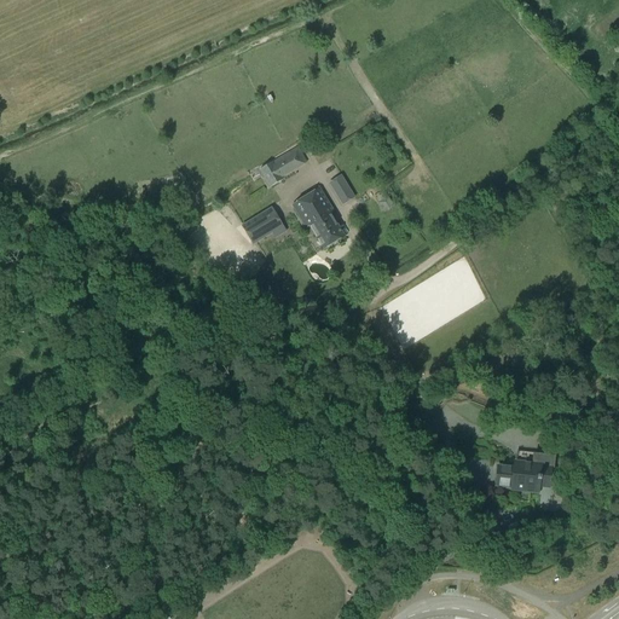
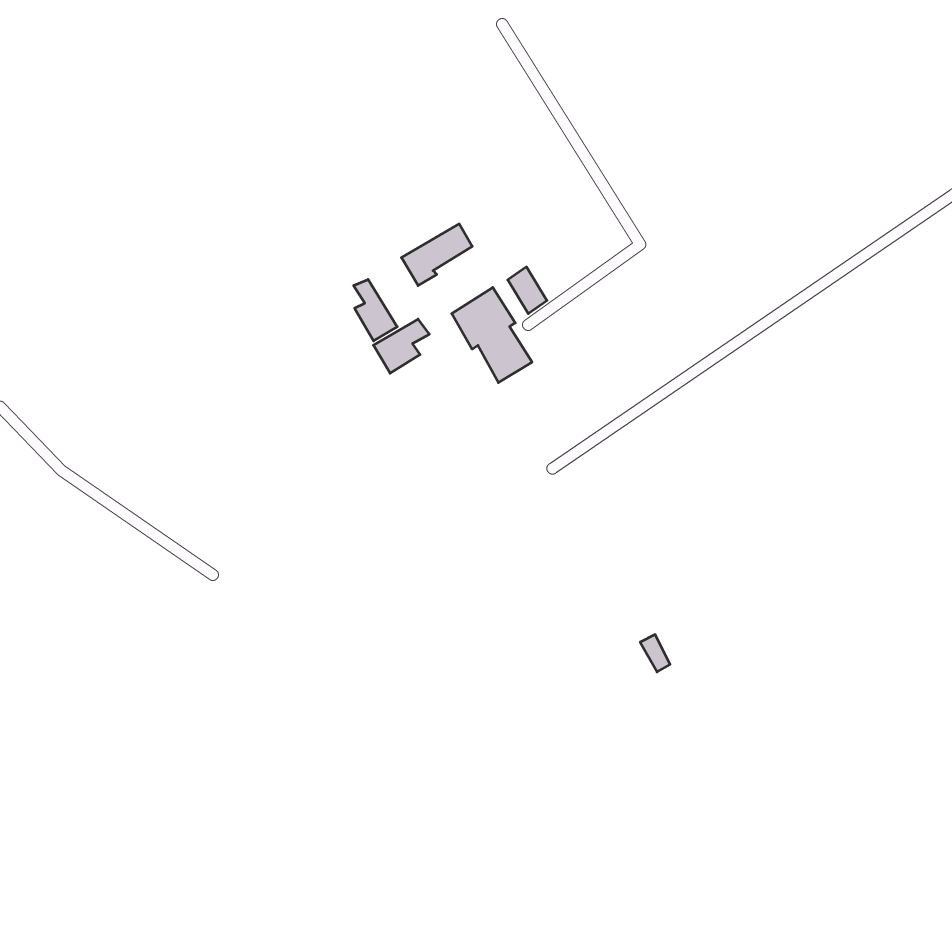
building: none -> [354,279,397,341]
building: [497,452,556,488] -> none

